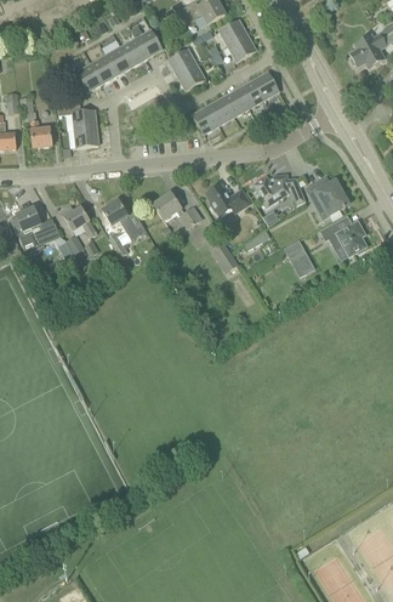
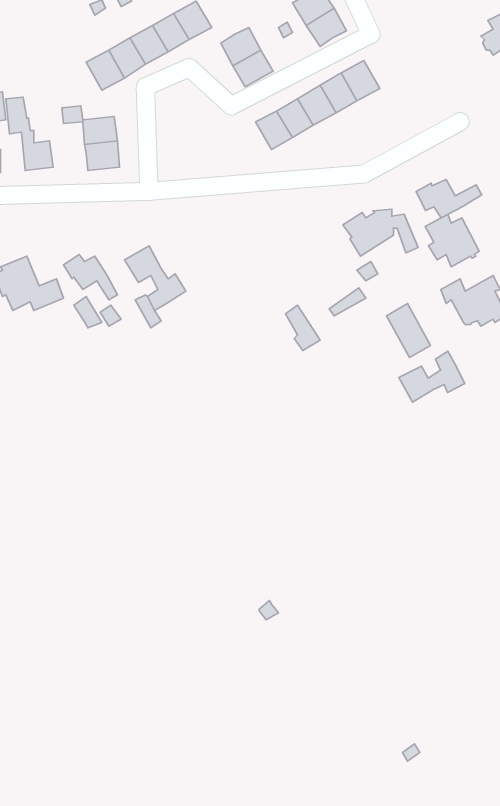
building: none -> [416,179,482,218]
building: [206,183,250,215] -> none
building: [153,192,201,227] -> none
building: none -> [399,351,465,402]

